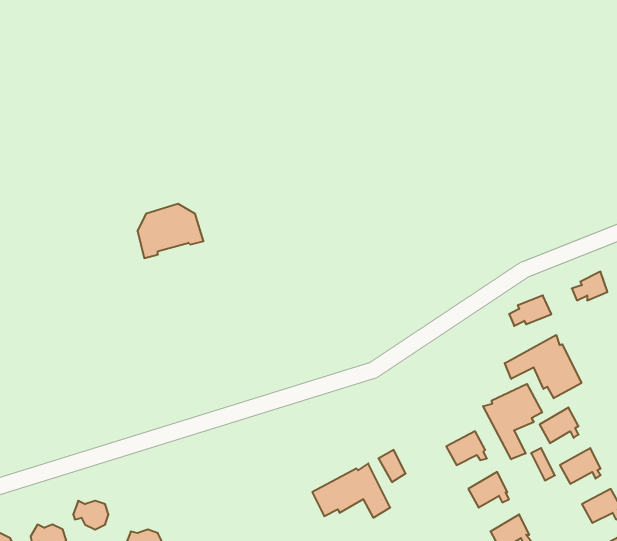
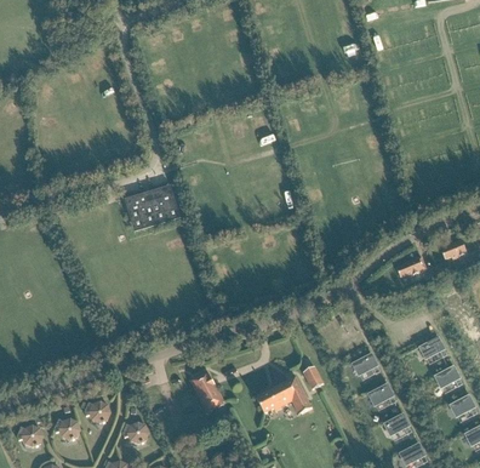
building: [505,335,581,398] -> none
building: [483,384,542,459] -> none
building: none -> [189,371,223,411]

